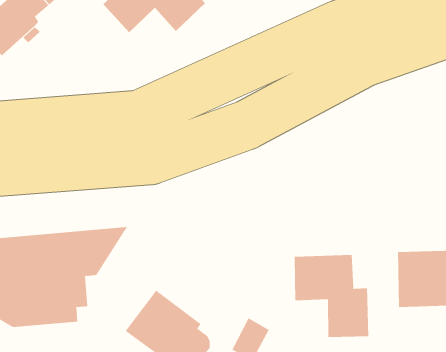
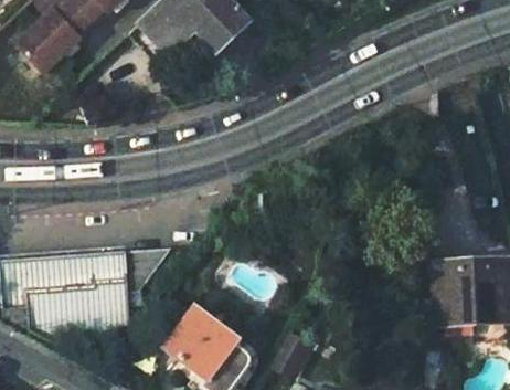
building: [294,254,369,338] -> none

